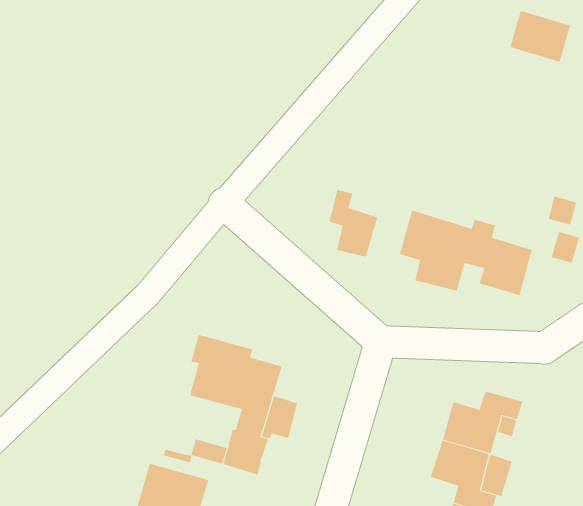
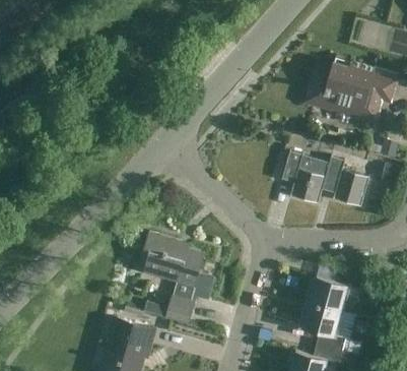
building: none -> [304,57,398,122]
building: [329,189,378,257] -> none

